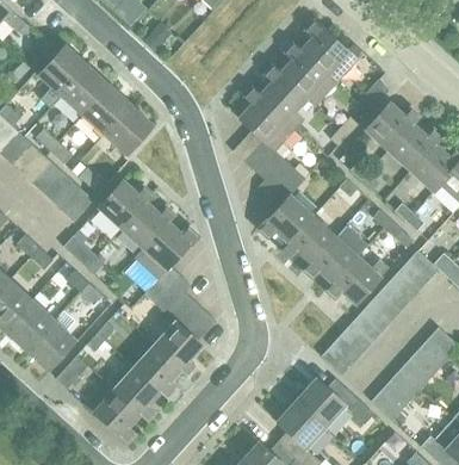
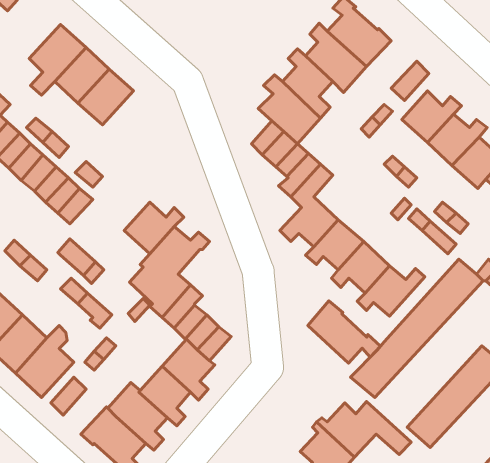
building: [103,104,153,155] -> none
building: [99,181,151,227] -> none
building: none -> [308,301,380,363]

